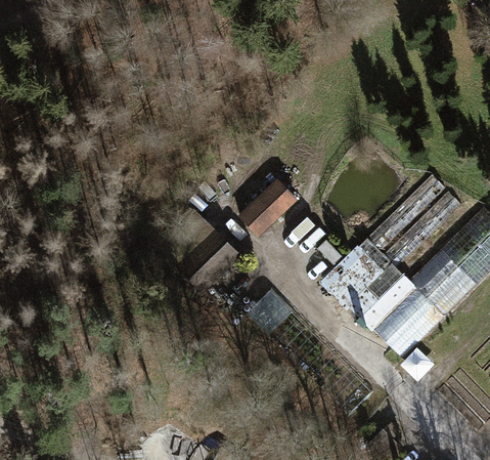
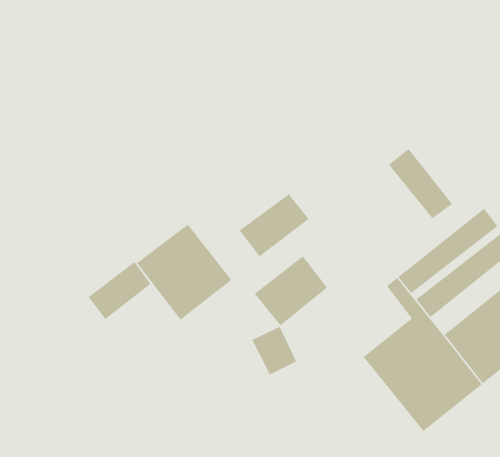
building: none -> [388,148,453,219]
building: [324,246,383,304] -> [254,255,328,326]
building: none -> [88,261,151,320]

